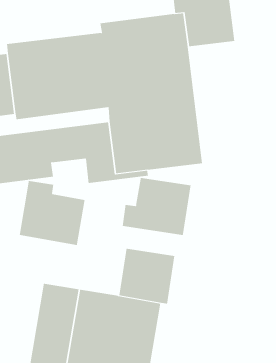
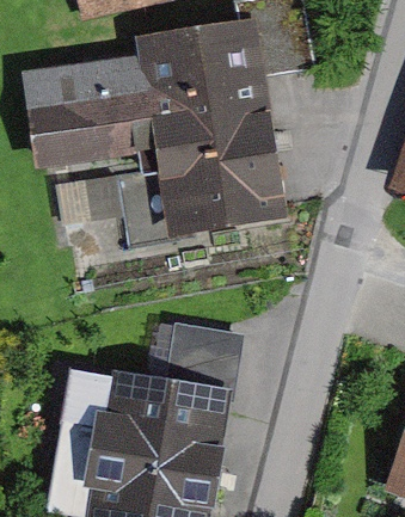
building: [122,177,191,236] -> none
building: [19,180,85,246] -> none

